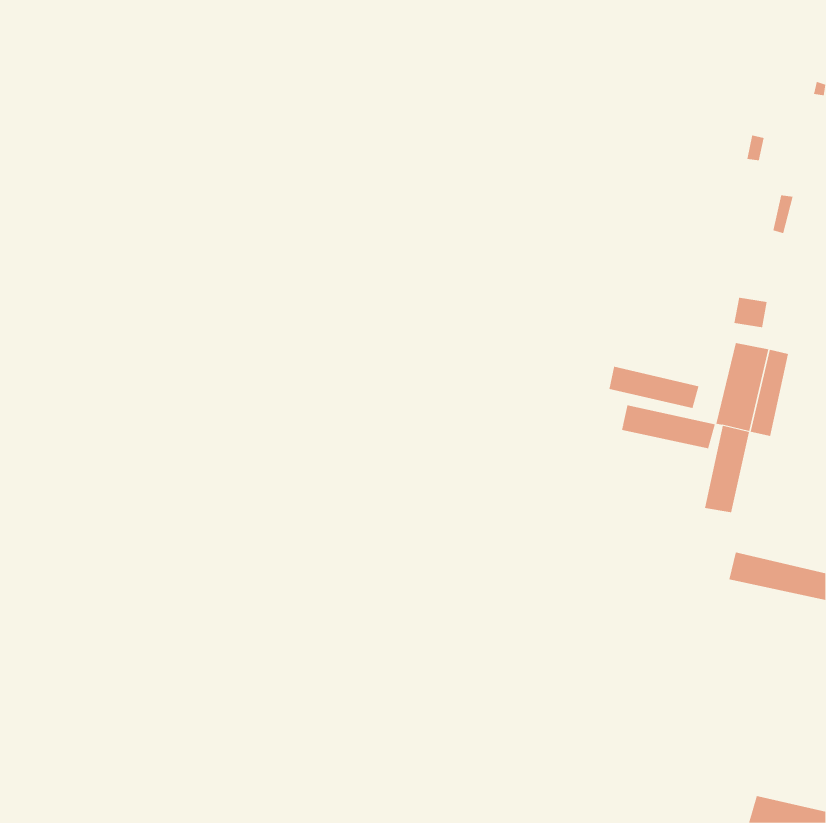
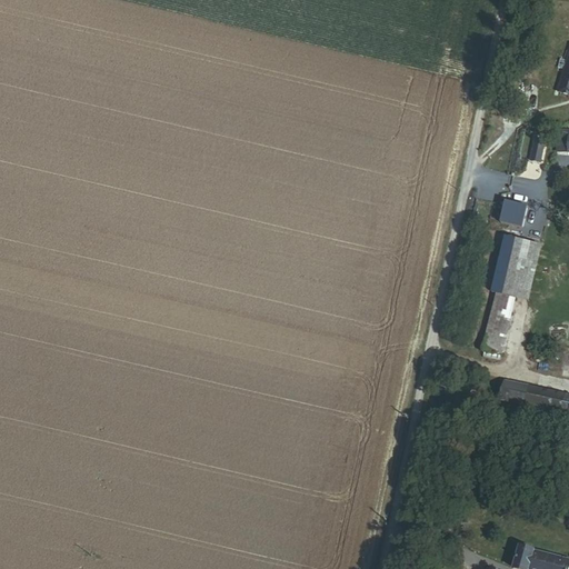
building: [609,366,699,409] -> none
building: [622,405,716,449] -> none

